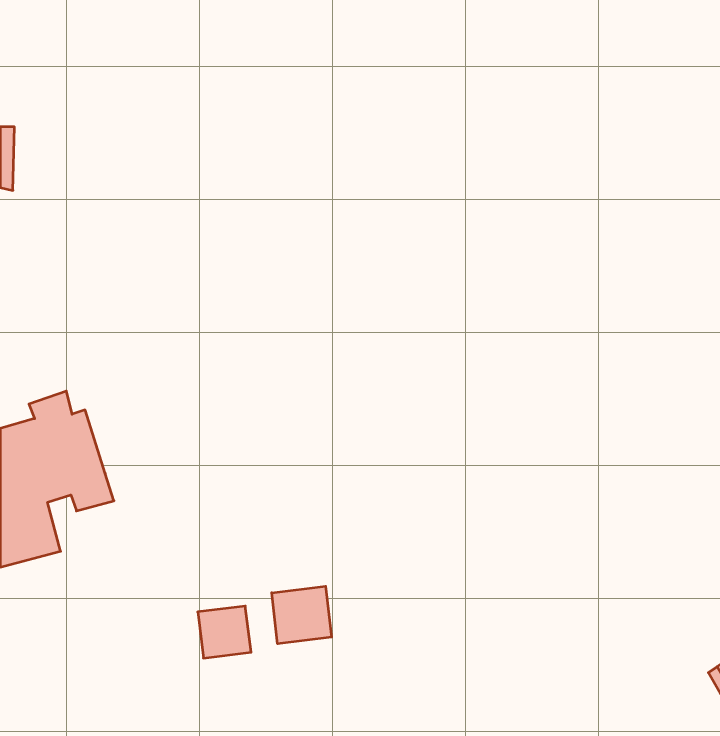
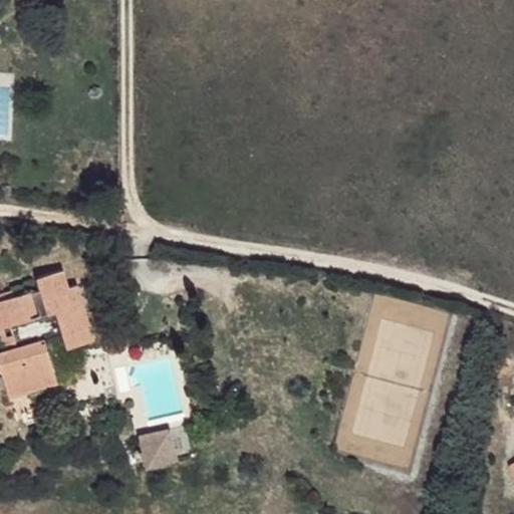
building: [272,586,332,644] -> none

